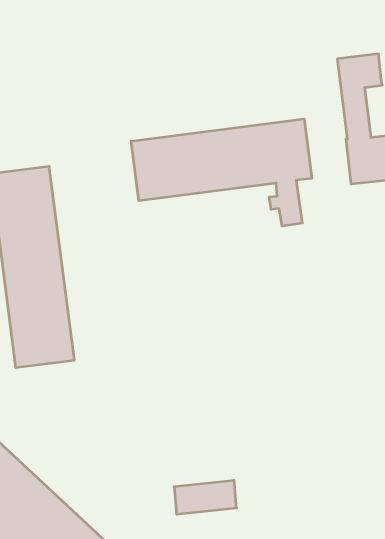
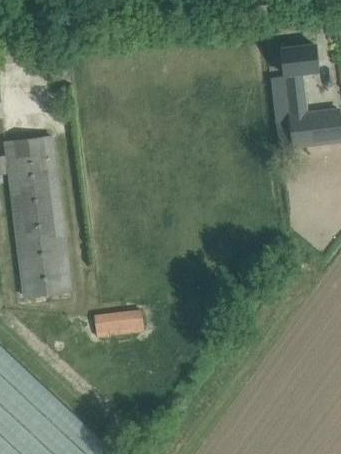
building: [131,119,312,226] -> none
building: [174,480,237,514] -> [91,310,141,337]

